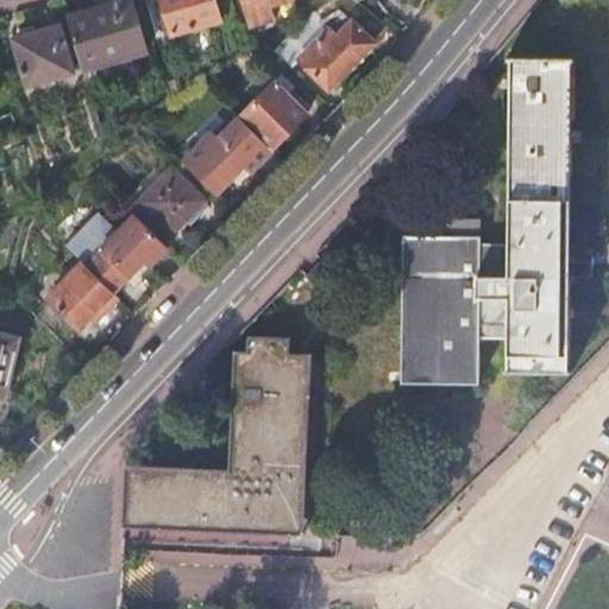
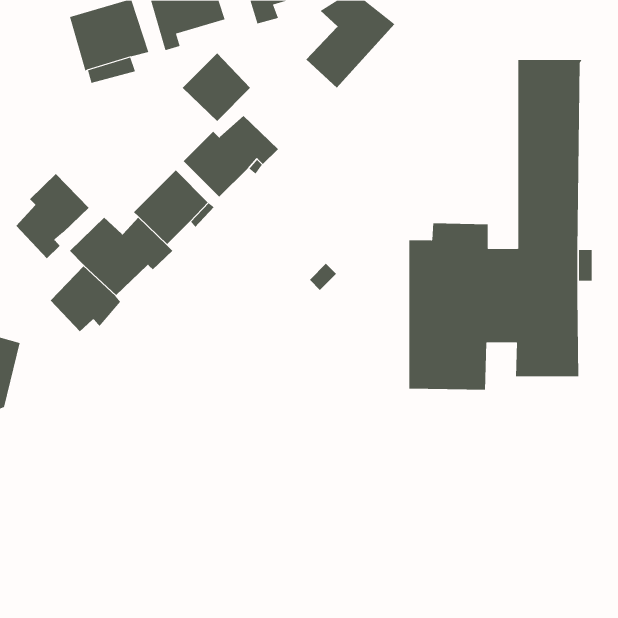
building: [15,25,74,83] -> none
building: [239,80,307,147] -> [182,53,251,122]
building: none -> [15,173,89,259]
building: [123,338,310,536] -> none

